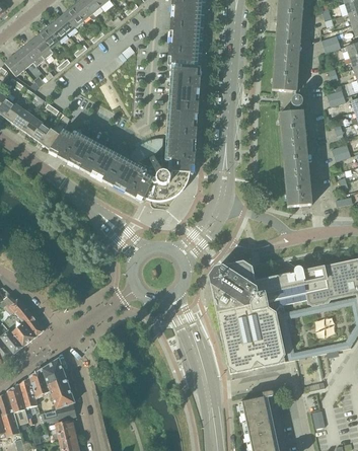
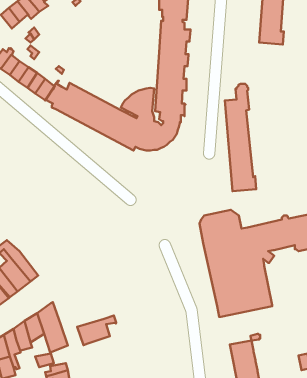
building: [280,95,312,206] -> [225,84,256,191]
building: none -> [77,315,116,345]

